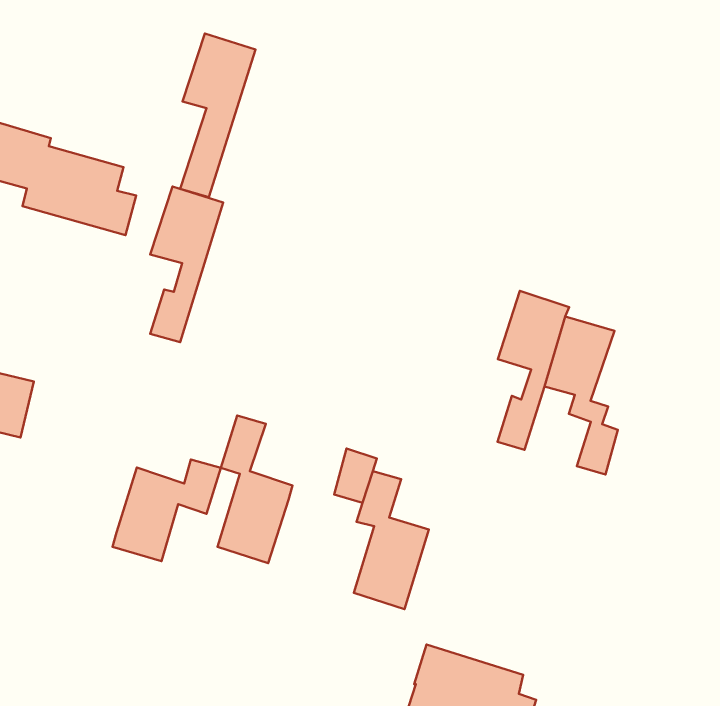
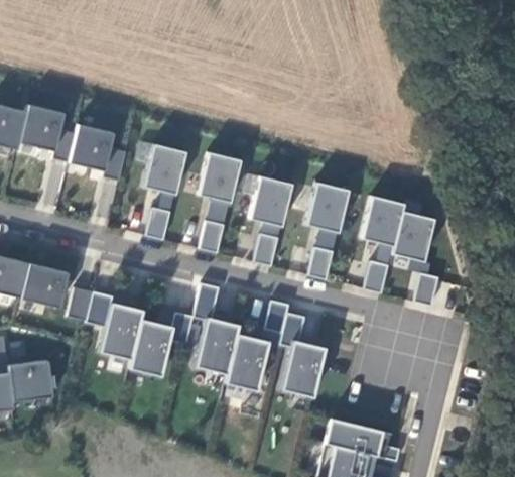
building: [180,33,255,197] -> [197,151,240,253]
building: none -> [249,175,291,266]
building: none -> [306,182,348,279]
building: none -> [85,292,143,361]
building: none -> [225,334,269,391]

